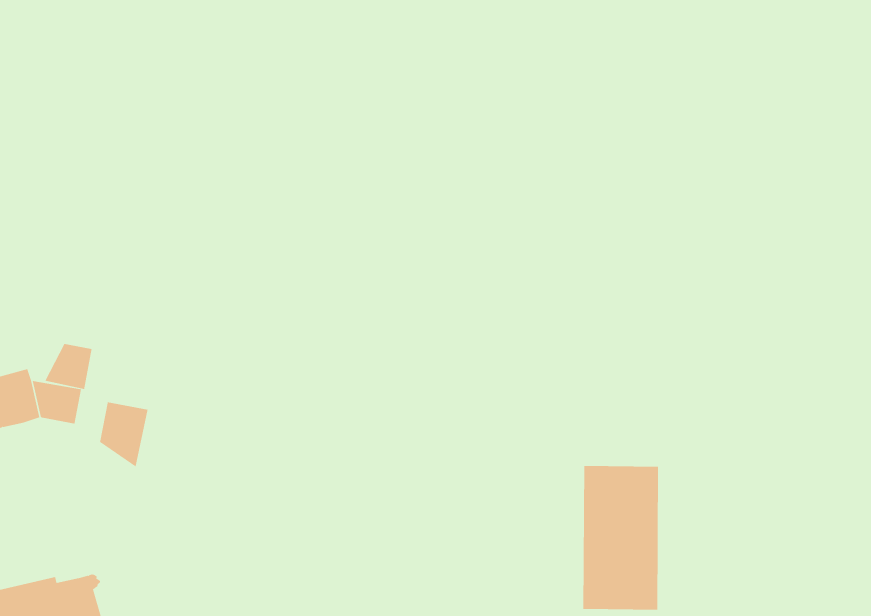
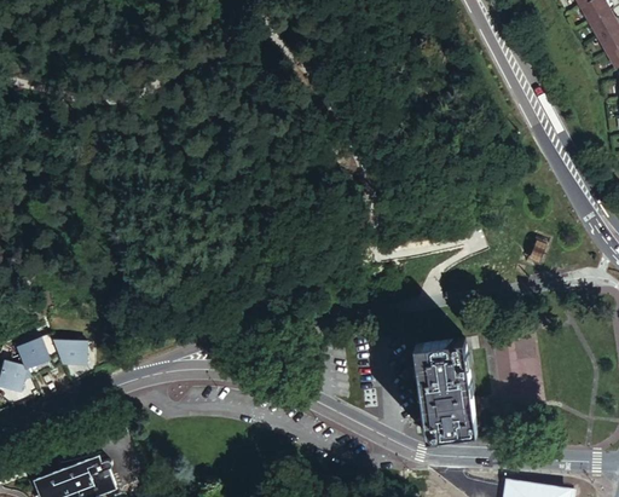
building: [44,343,92,390] -> none
building: [100,402,148,468] -> none

